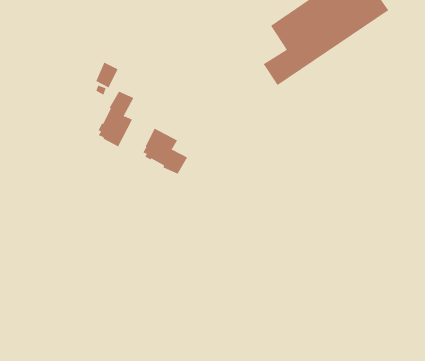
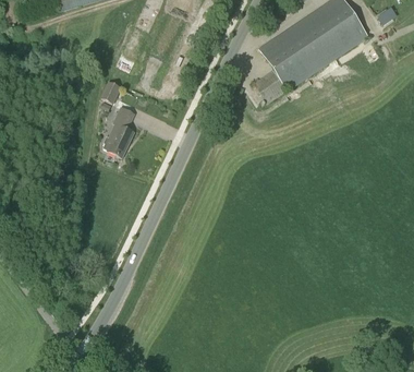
building: [143,128,188,175] -> none

